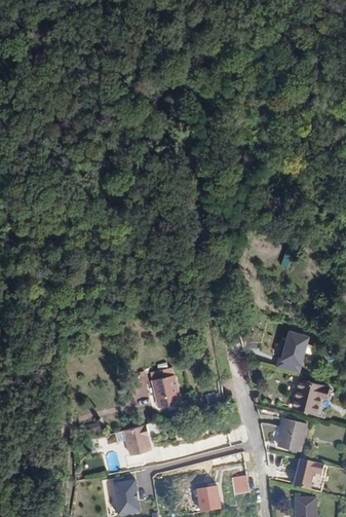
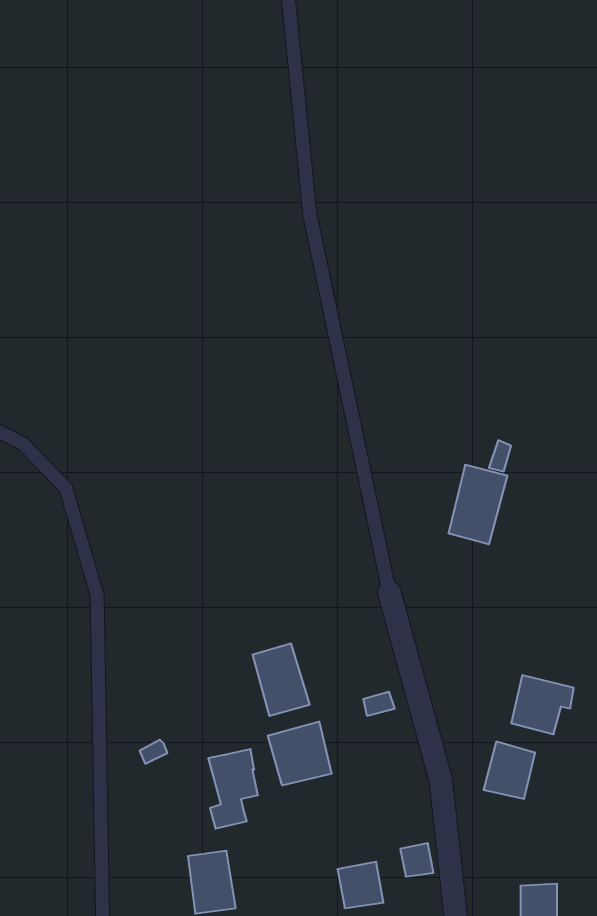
building: [276,328,309,372] -> [448,465,508,544]
building: none -> [268,721,332,785]
building: [294,457,324,487] -> none

